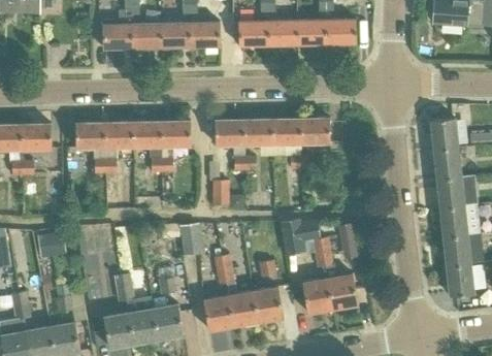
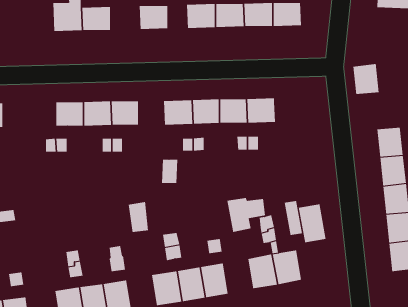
building: [161,24,191,50] -> none
building: [430,119,458,151] -> [352,63,380,95]
building: [75,123,104,149] -> none
building: none -> [298,203,326,243]

